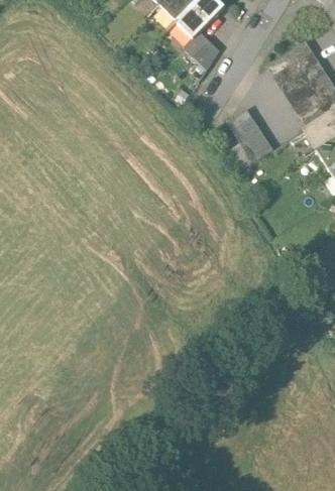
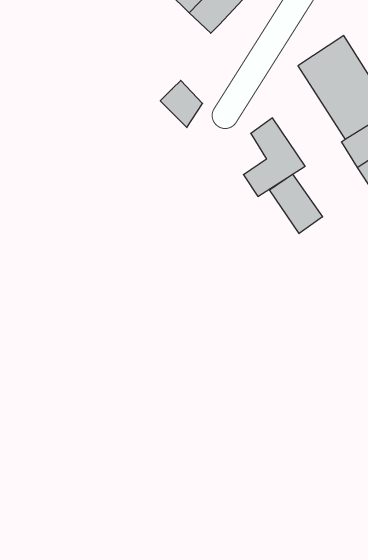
building: [185,31,220,71] -> [160,80,203,128]
building: none -> [270,174,323,234]

